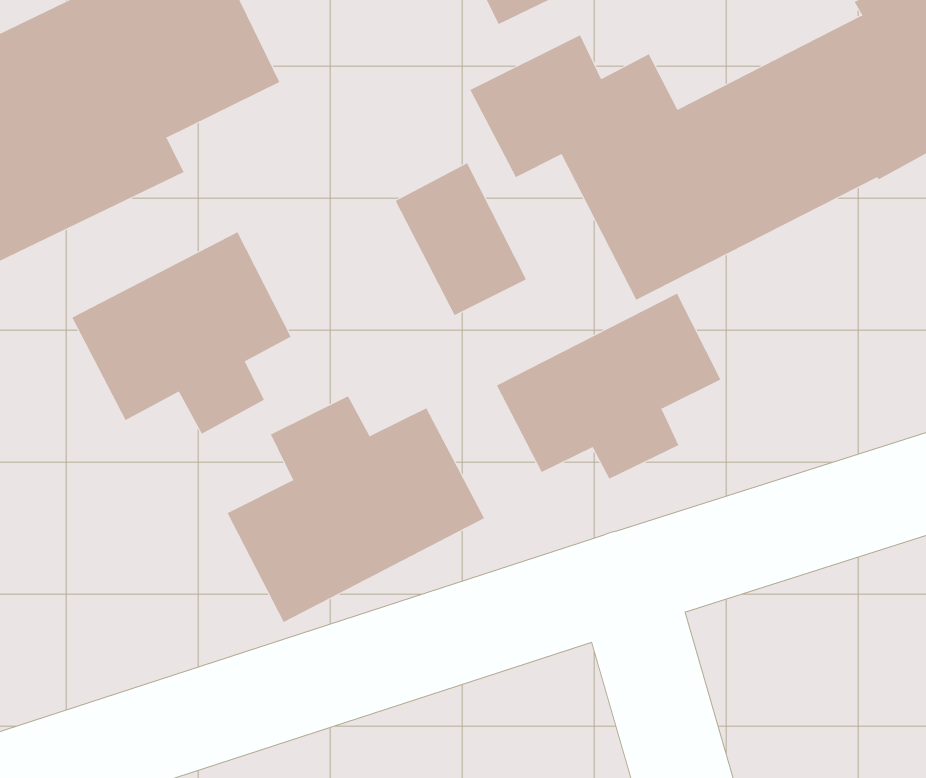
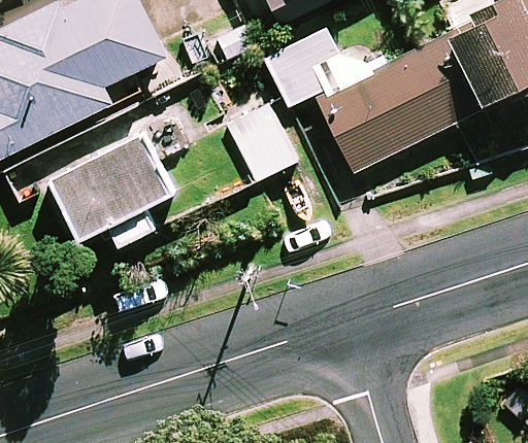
building: [496,293,721,480] -> none
building: [227,396,485,623] -> none

